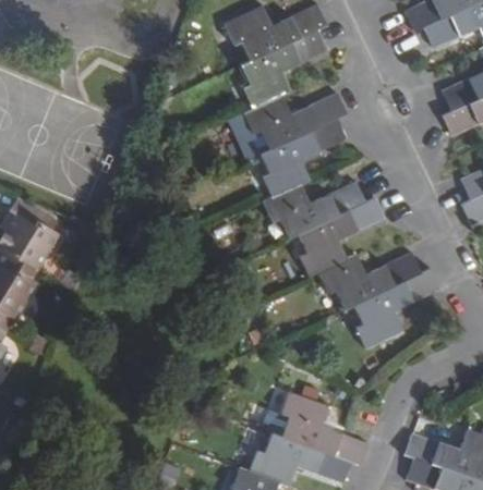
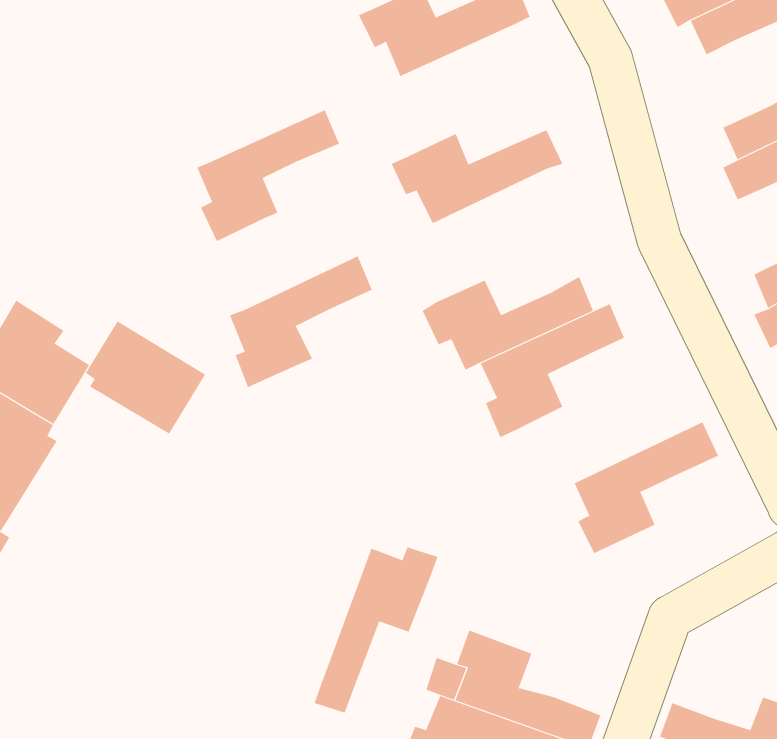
building: [240,29,326,109] -> [197,109,340,242]
building: [258,117,345,196] -> [229,255,373,388]
building: none -> [85,321,206,434]
building: [317,253,421,309] -> none
building: none -> [314,547,438,713]

